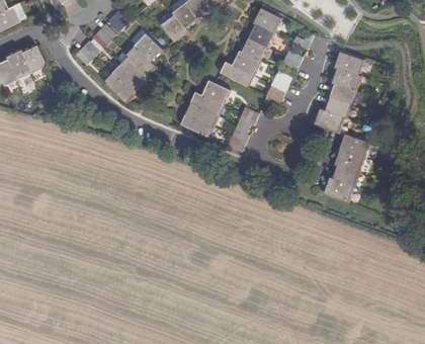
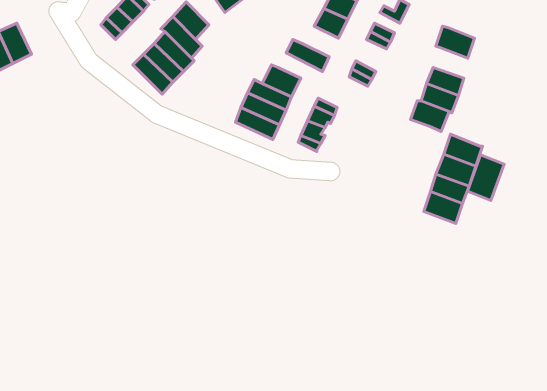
building: [17,44,41,72] -> none
building: [233,50,260,74] -> none
building: [332,67,360,90] -> none
building: none -> [467,155,504,201]

